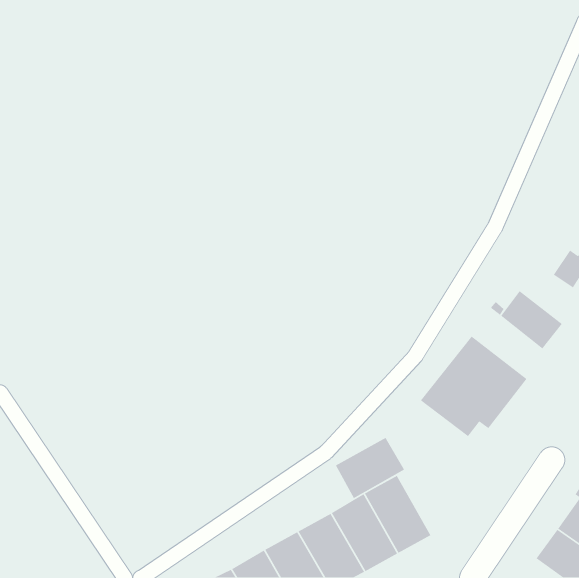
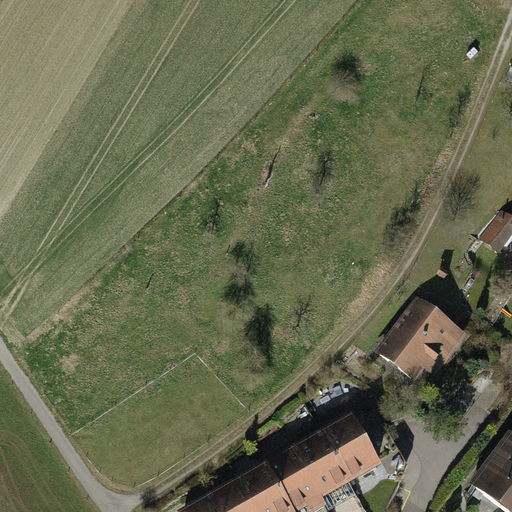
building: [500,290,563,349] -> none
building: [335,437,405,499] -> none

